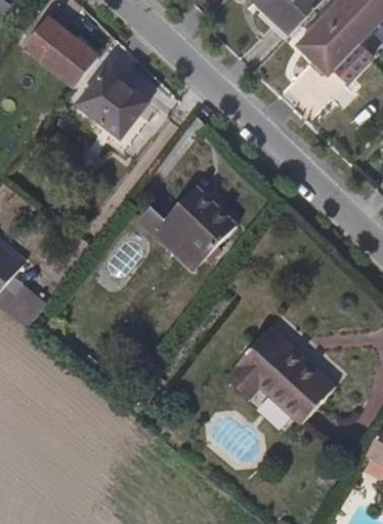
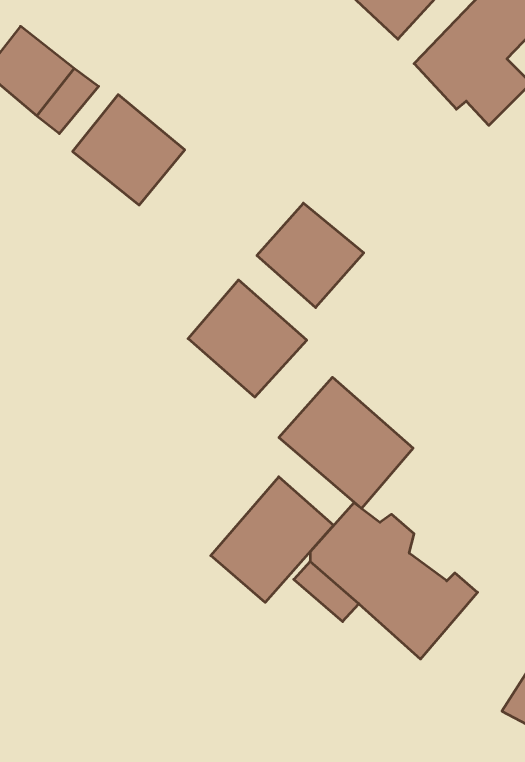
building: none -> [257,203,364,308]
building: none -> [279,377,413,508]
building: none -> [211,477,333,602]

